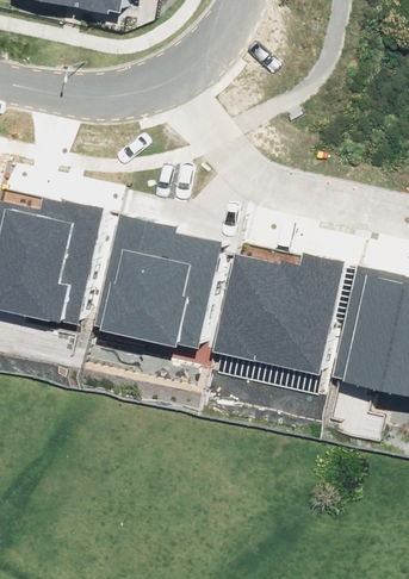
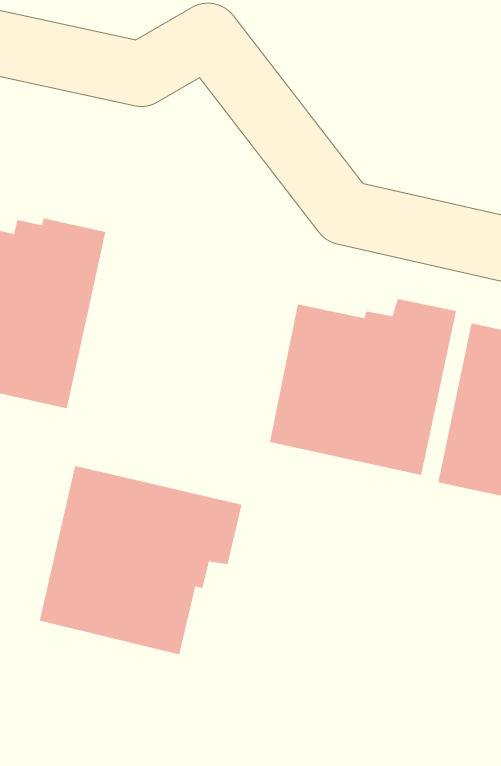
building: [92,212,224,355] -> none
building: none -> [39,465,242,655]

